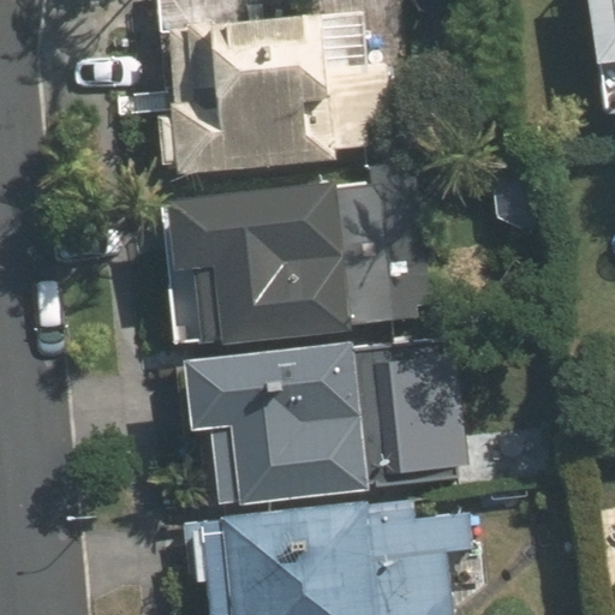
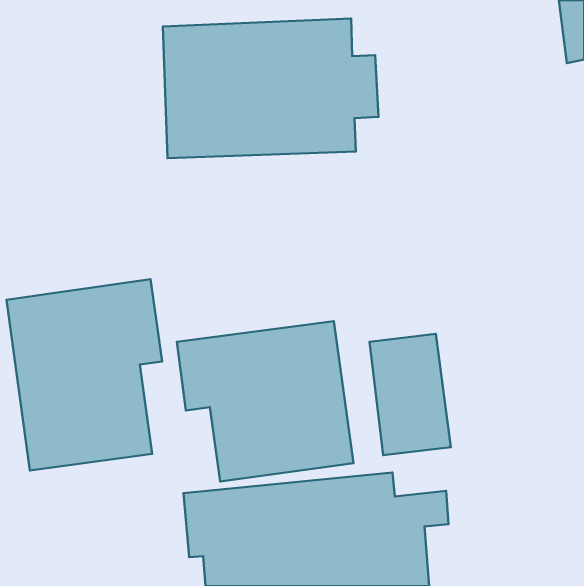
building: [162,185,377,348] -> none
building: none -> [6,279,162,470]

